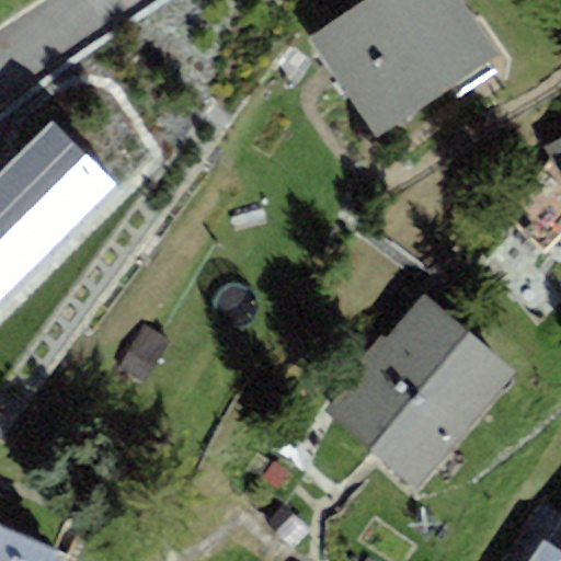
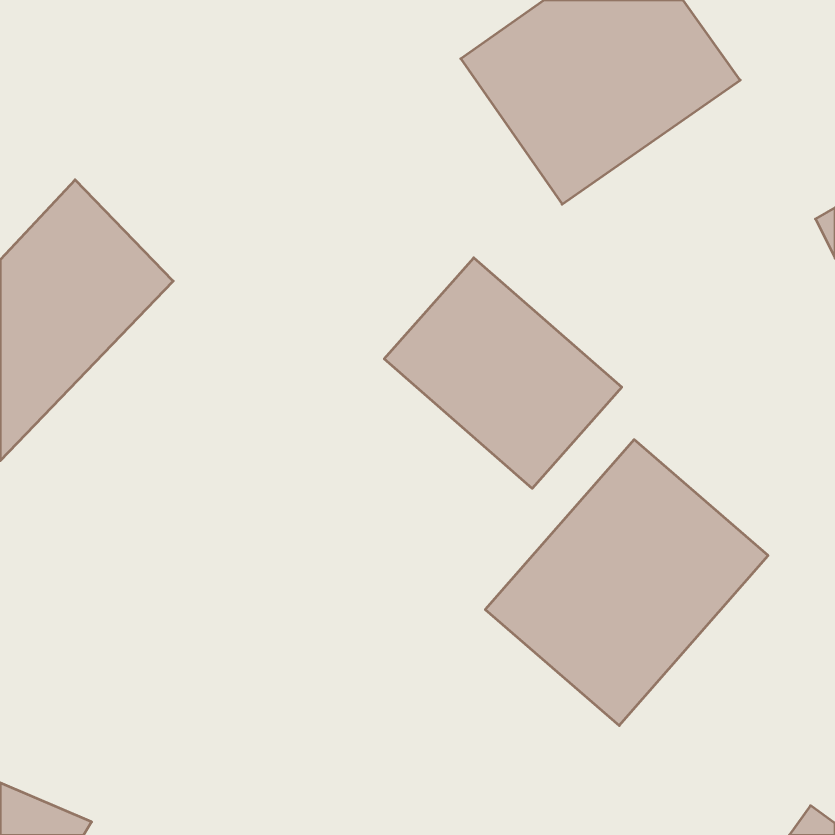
building: none -> [384,258,622,488]

